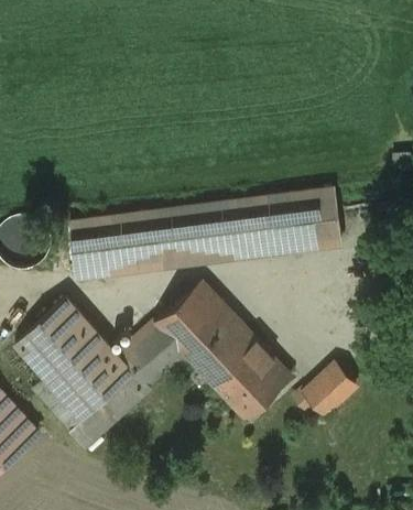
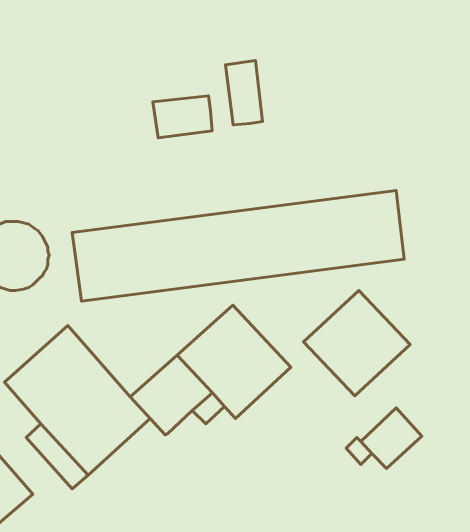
building: none -> [225,60,262,125]
building: none -> [153,96,212,138]
building: [204,332,291,417] -> [303,290,410,396]
building: [70,373,151,447] -> none

